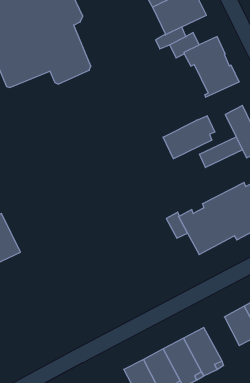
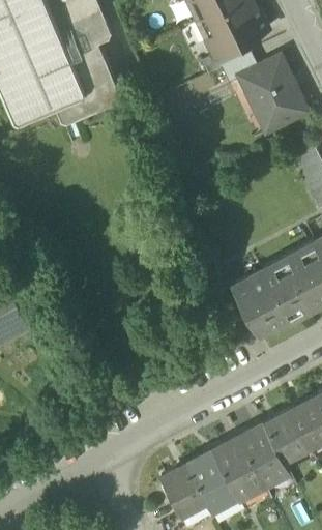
building: [163,116,215,159] -> none
building: [200,137,243,168] -> none
building: none -> [263,413,308,463]

